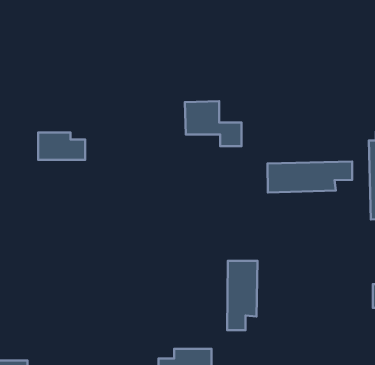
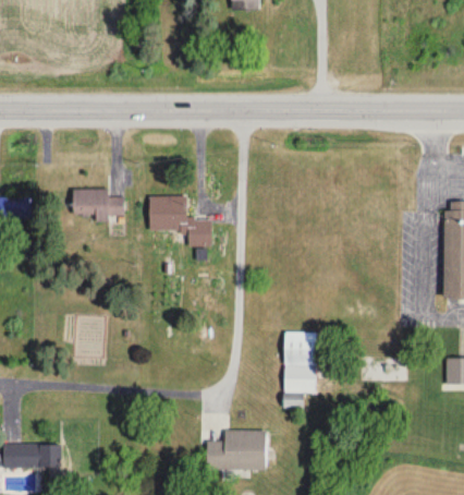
building: [185,101,242,146] -> [149,195,212,245]
building: [268,162,352,192] -> none

